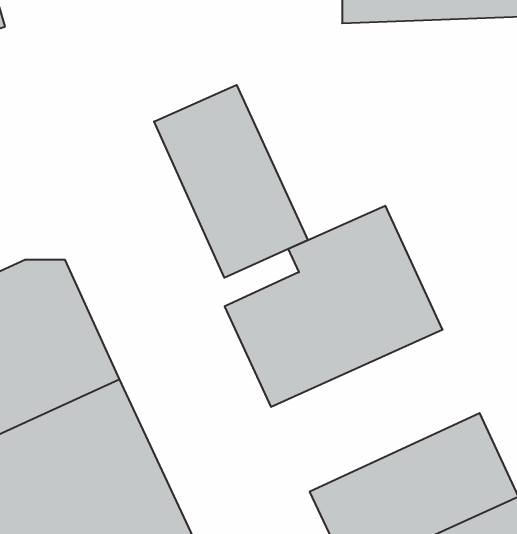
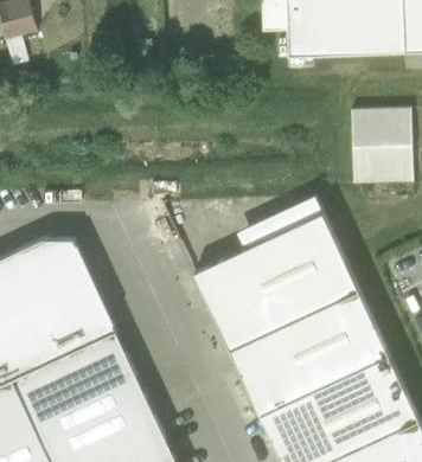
building: [154,85,308,278] -> none
building: none -> [349,108,411,182]
building: none -> [230,291,390,416]

